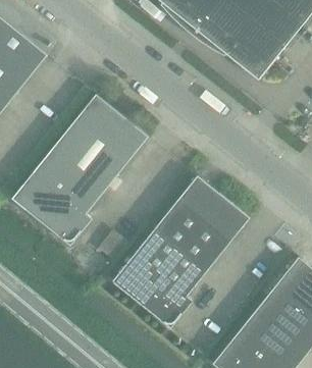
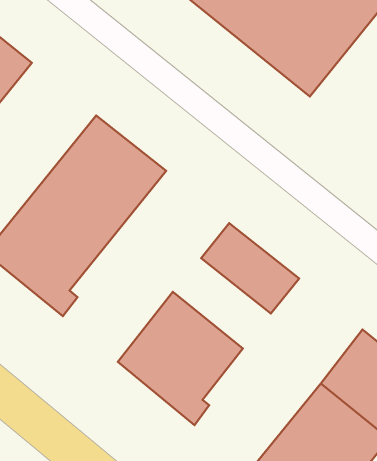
building: [154,202,228,270] -> none

